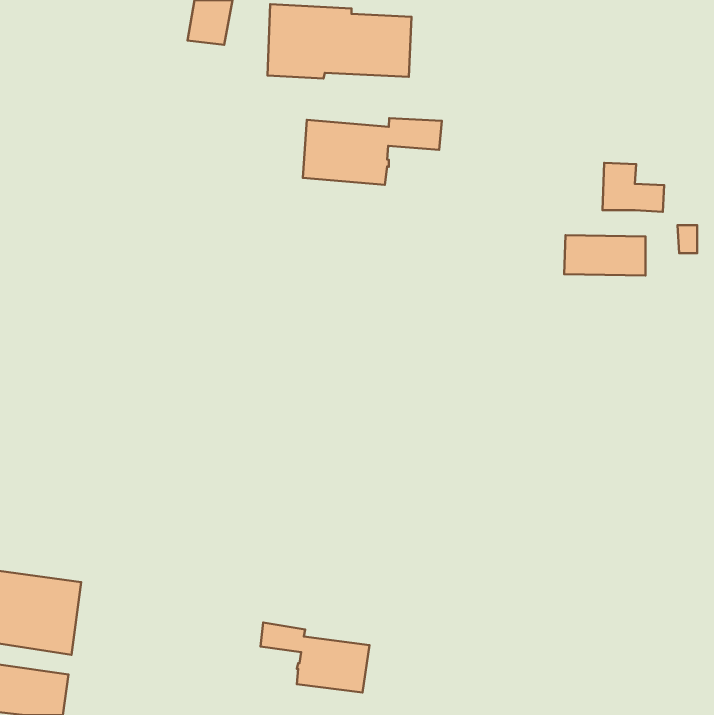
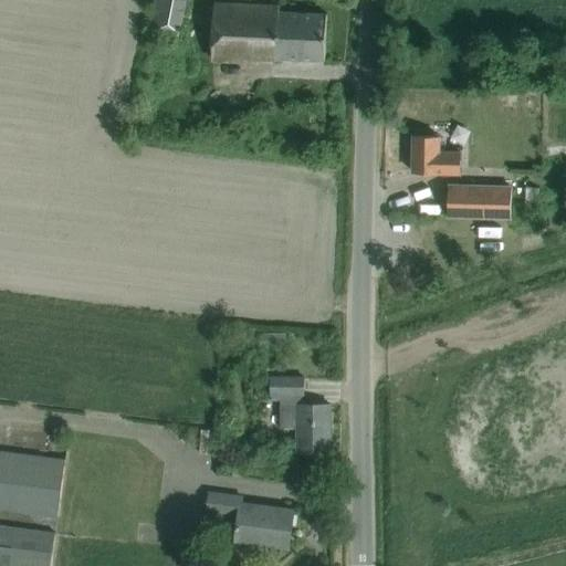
building: [303,118,442,185] -> none
building: [603,163,664,212] -> [411,135,460,174]
building: none -> [268,377,328,452]

